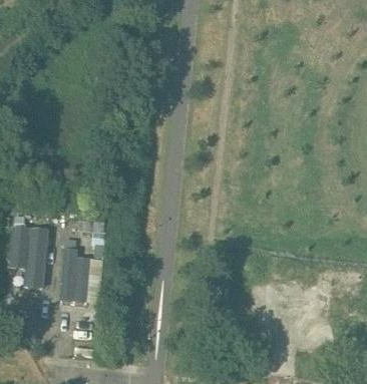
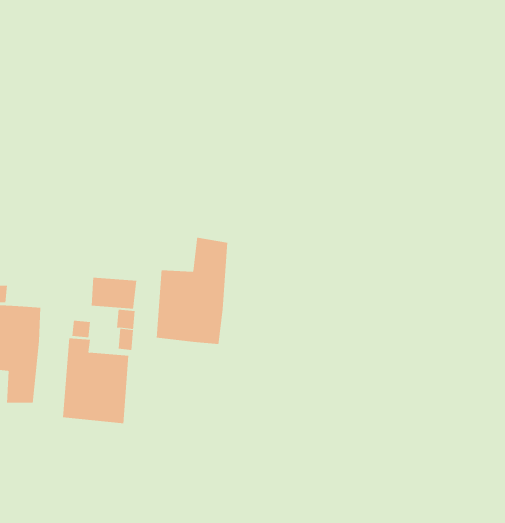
building: none -> [156,237,228,345]

